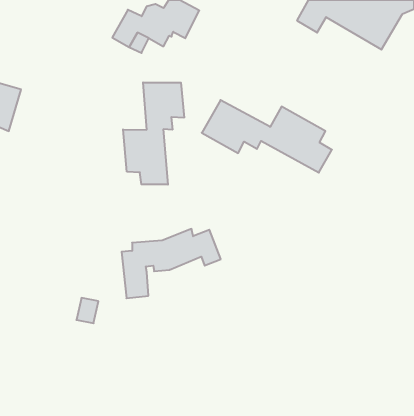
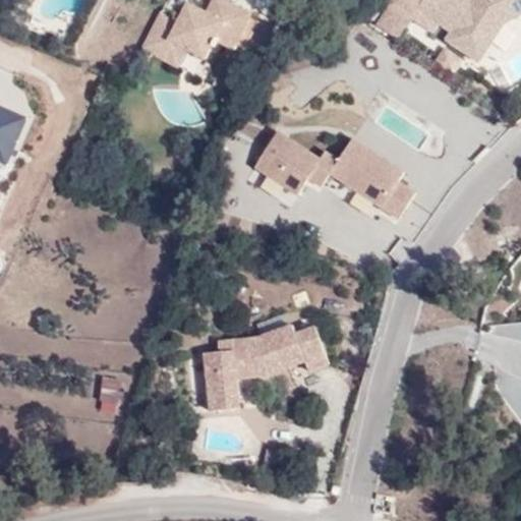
building: [123,82,184,185] -> none
building: [122,229,221,298] -> [204,326,328,412]

